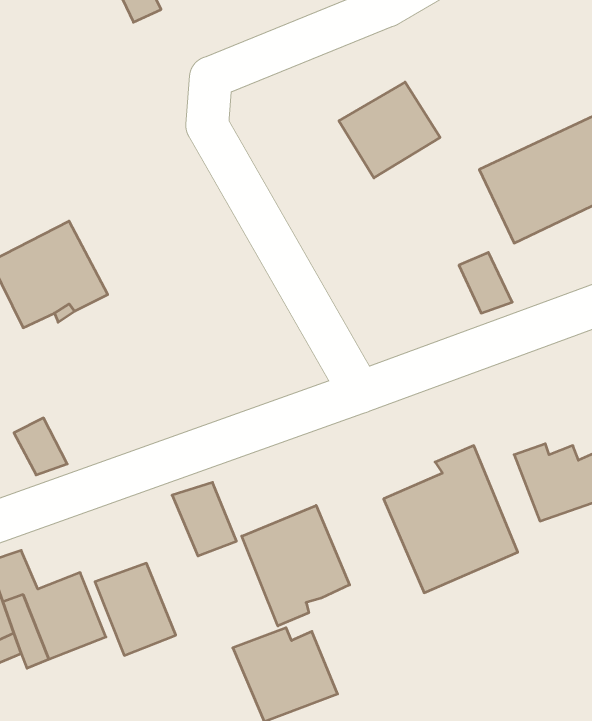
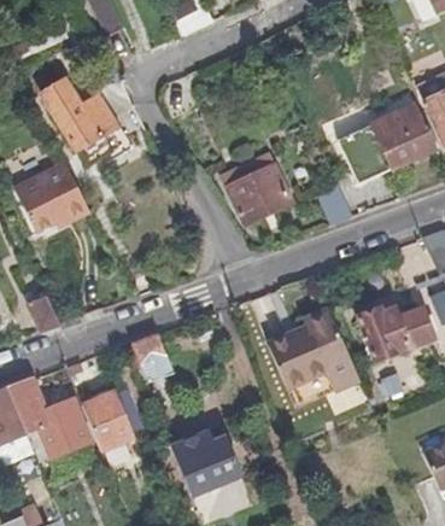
building: [339,82,440,178] -> [226,162,292,224]
building: none -> [46,76,130,163]
building: [242,505,350,626] -> none

